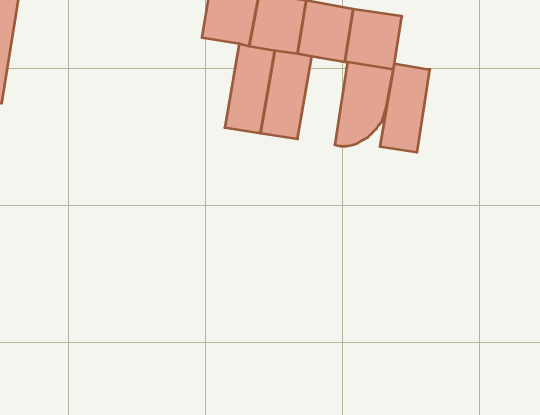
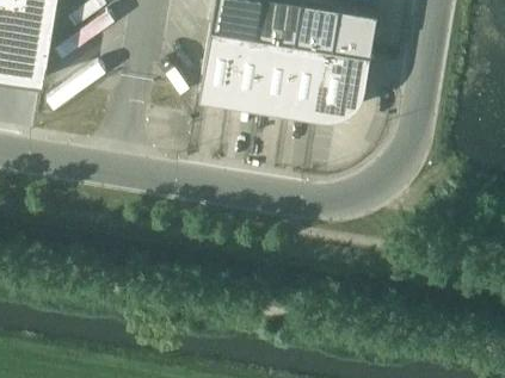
building: none -> [198,32,241,107]
building: [380,64,430,152] -> [290,48,332,122]

